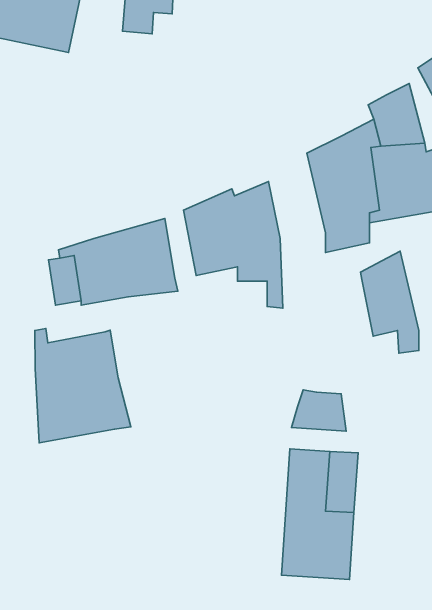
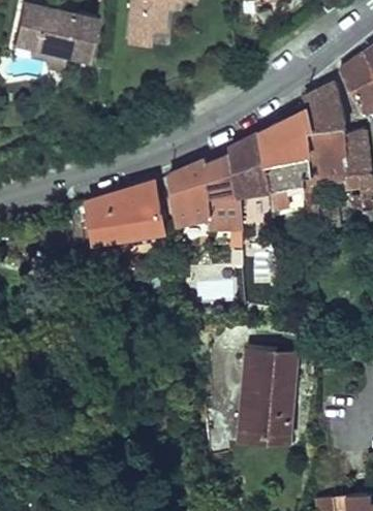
building: [360,251,419,353] -> [231,134,274,209]
building: [35,329,131,443] -> none
building: [291,390,346,431] -> none

